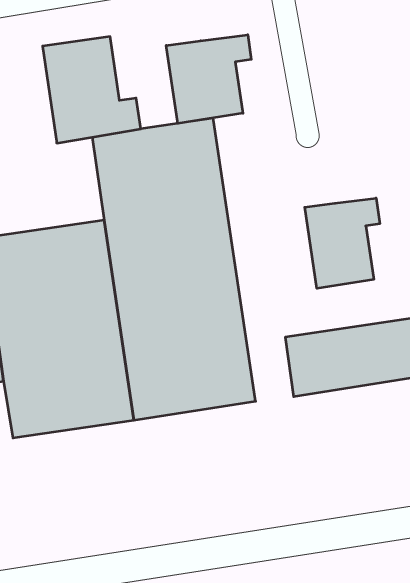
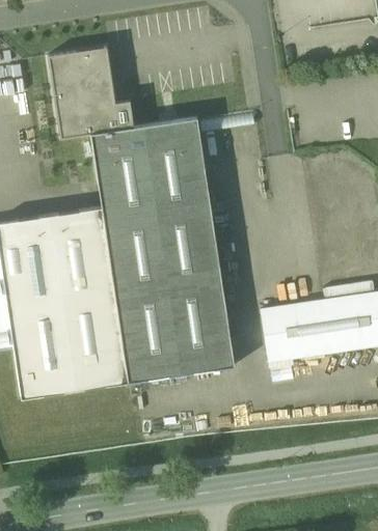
building: [166,35,251,123] -> none
building: [305,198,380,288] -> none

